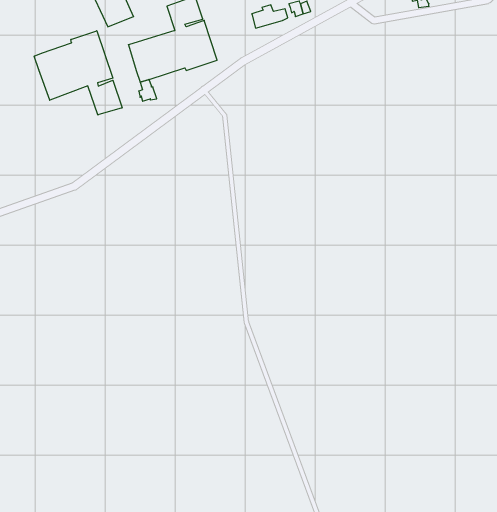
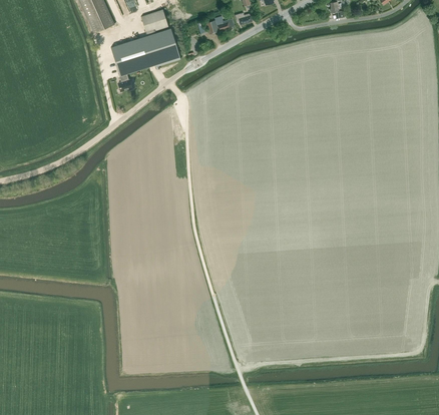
building: [34,31,122,115] -> none

